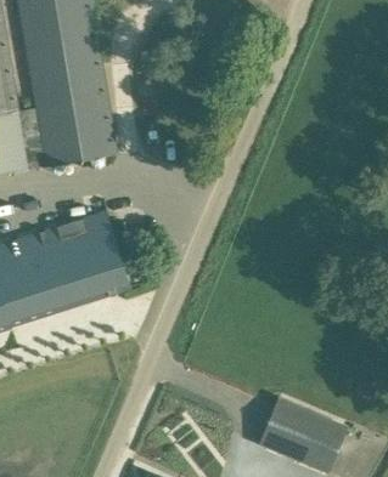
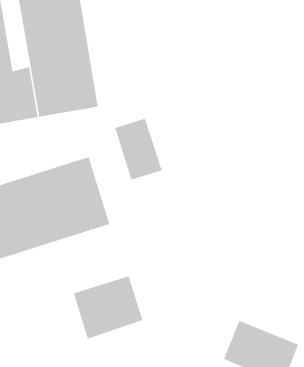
building: none -> [114,118,163,181]
building: none -> [73,275,143,339]

